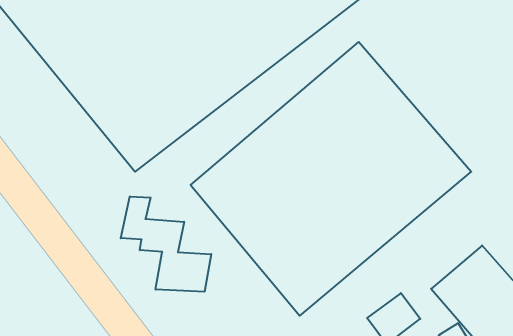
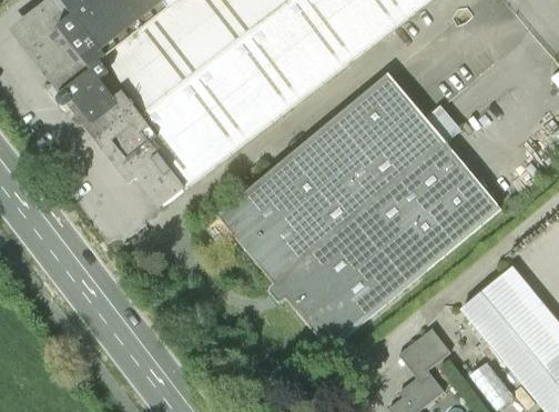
building: [121,196,211,292] -> none

